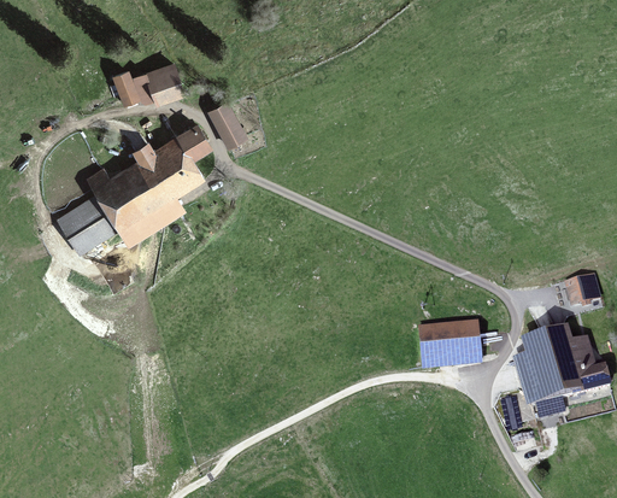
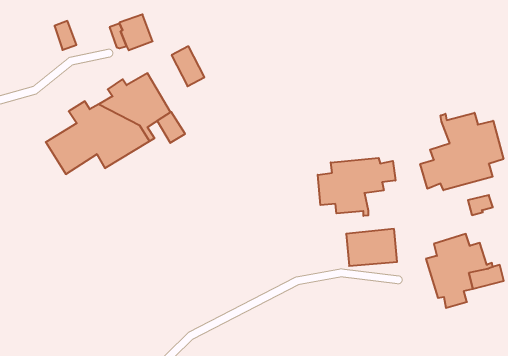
building: [112,70,139,105] -> [54,21,76,50]
building: [178,122,212,159] -> [157,112,185,143]
building: none -> [420,113,503,190]
building: none -> [318,158,395,216]

